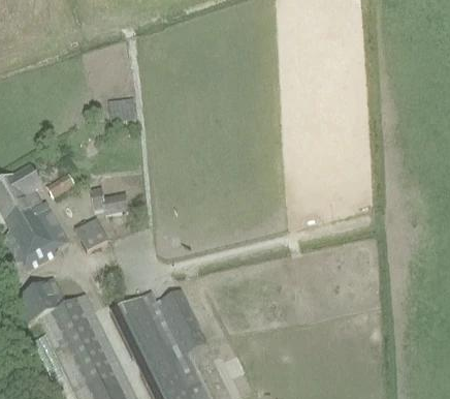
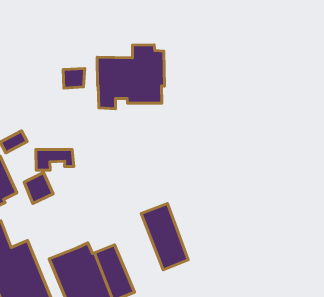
building: none -> [97,45,164,109]
building: none -> [141,204,188,270]

